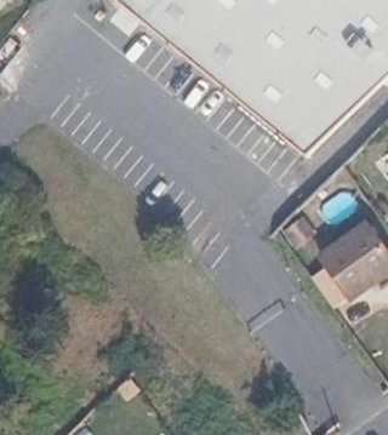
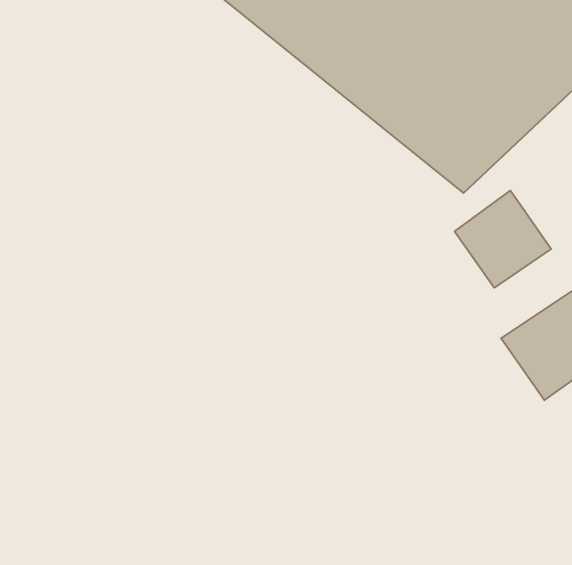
building: none -> [455,191,551,288]

